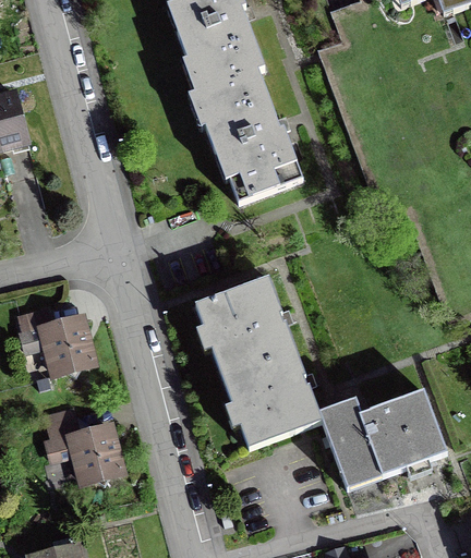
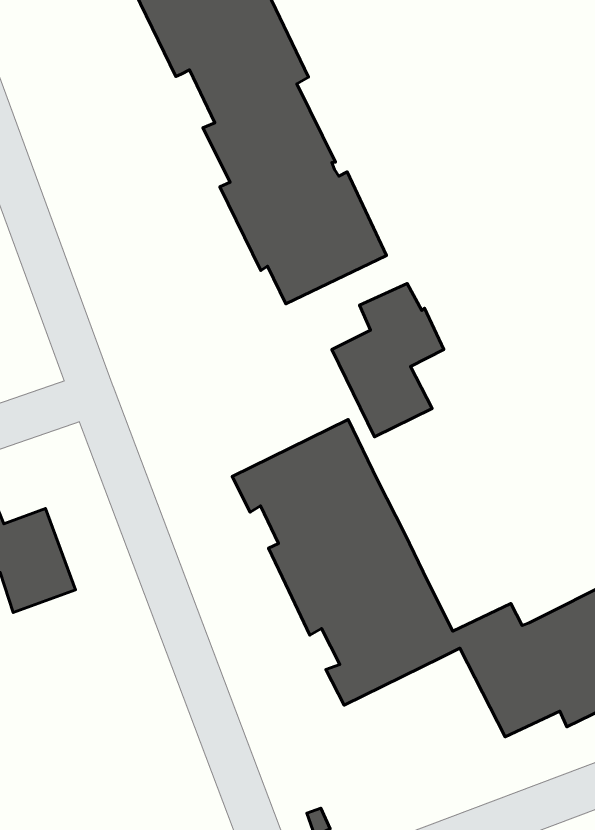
building: none -> [332,283,444,437]
building: [48,416,124,484] -> none

